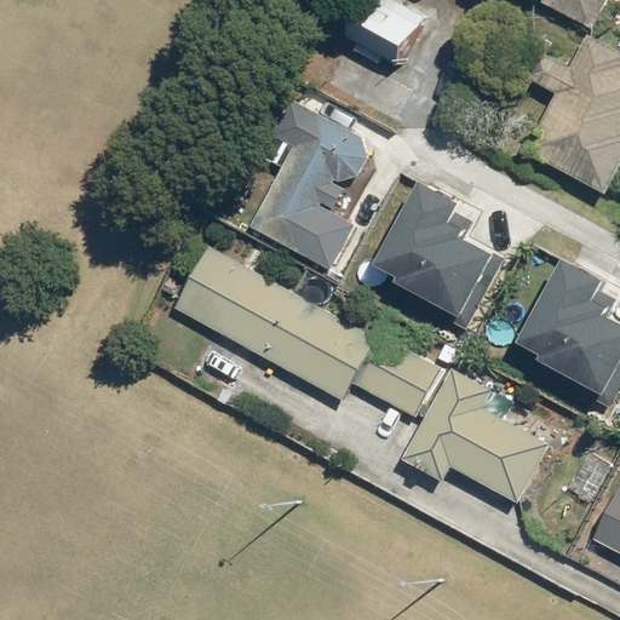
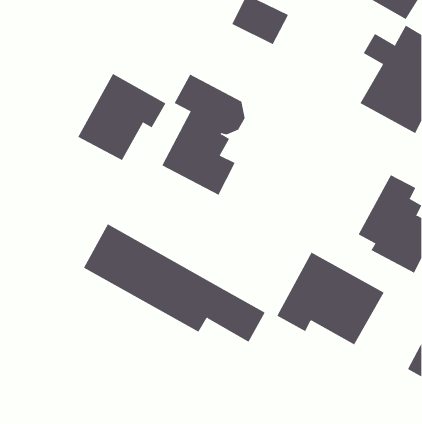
building: none -> [78,73,166,161]
building: [379,182,495,318] -> none
building: [176,243,441,417] -> [83,224,266,342]

